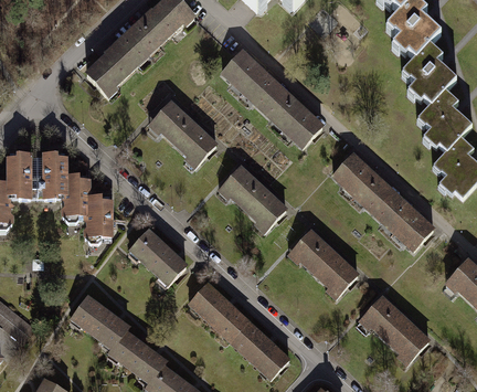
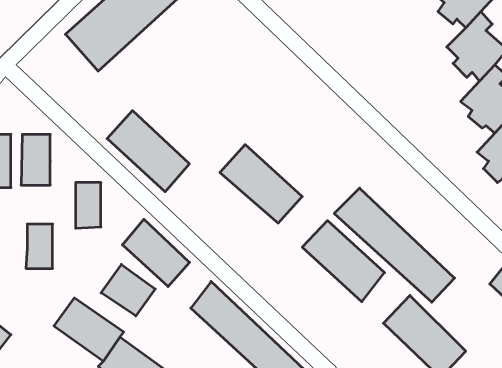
building: [219,50,322,148] -> none
building: [145,97,216,168] -> [107,111,189,192]
building: [329,151,434,251] -> [334,188,455,302]
building: [65,177,88,215] -> [26,224,53,268]
building: none -> [101,264,155,316]

